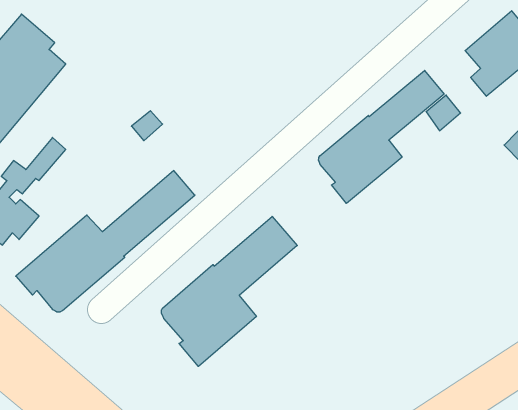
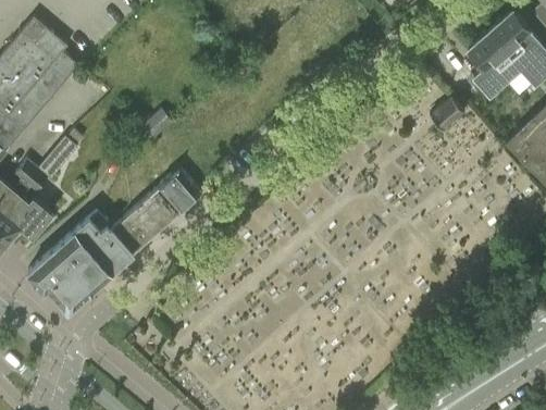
building: [319,70,444,203] -> none
building: [161,216,297,366] -> none

